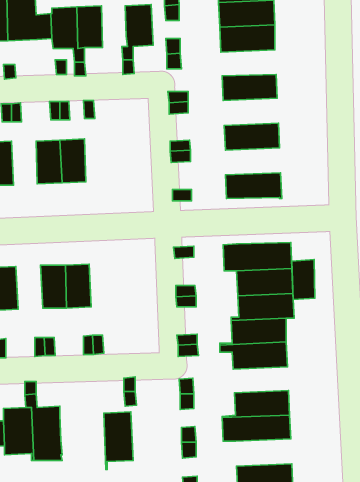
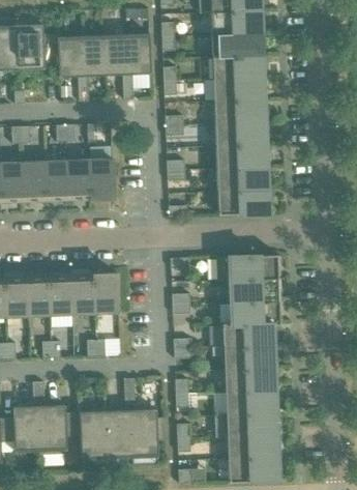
building: none -> [103,36,127,75]
building: none -> [213,77,264,100]
building: none -> [215,121,266,146]
building: none -> [88,157,114,198]
building: none -> [21,161,44,201]
building: none -> [217,167,268,192]
building: [292,260,315,299] -> none
building: none -> [92,272,118,313]
building: none -> [25,275,50,315]
building: none -> [225,368,275,392]
building: none -> [130,408,163,454]
building: none -> [65,410,108,463]
building: none -> [227,434,278,459]

